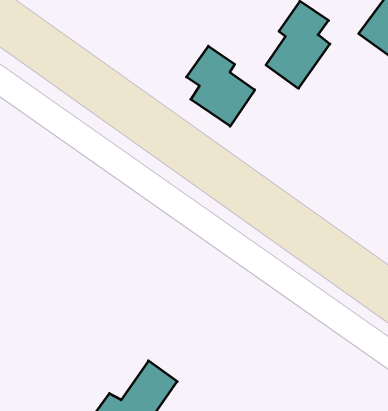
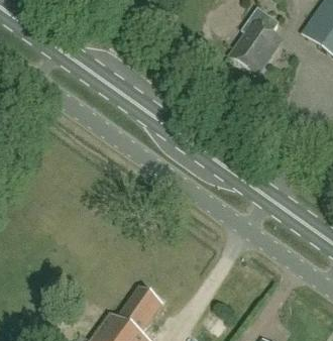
building: [186,46,255,126] -> none

